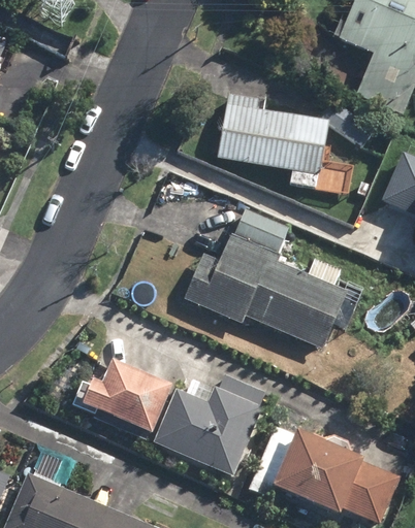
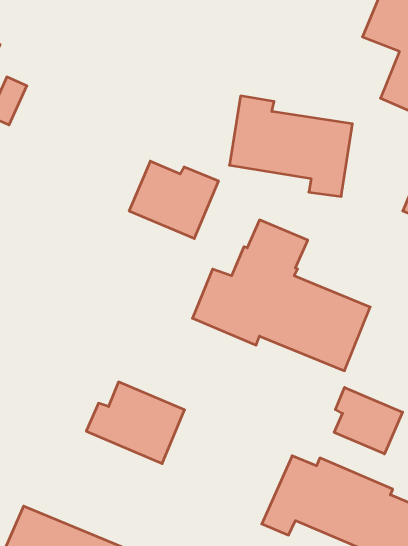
building: none -> [129,161,218,239]
building: none -> [334,387,403,454]
building: [156,373,265,476] -> none

